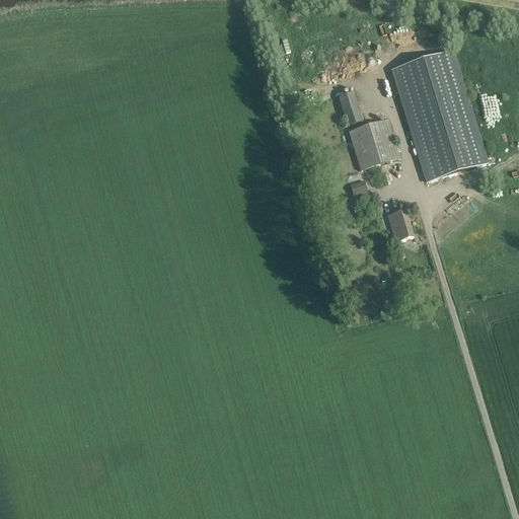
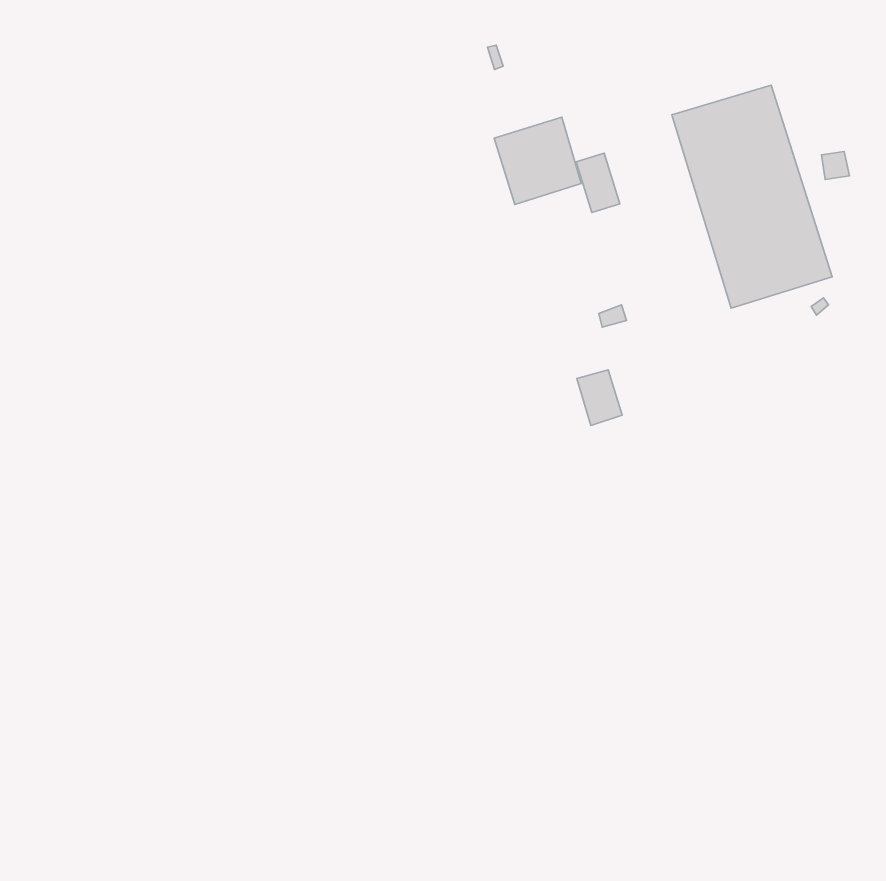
building: [347,118,397,168] -> [494,117,581,204]
building: [385,208,412,240] -> [577,370,622,426]

